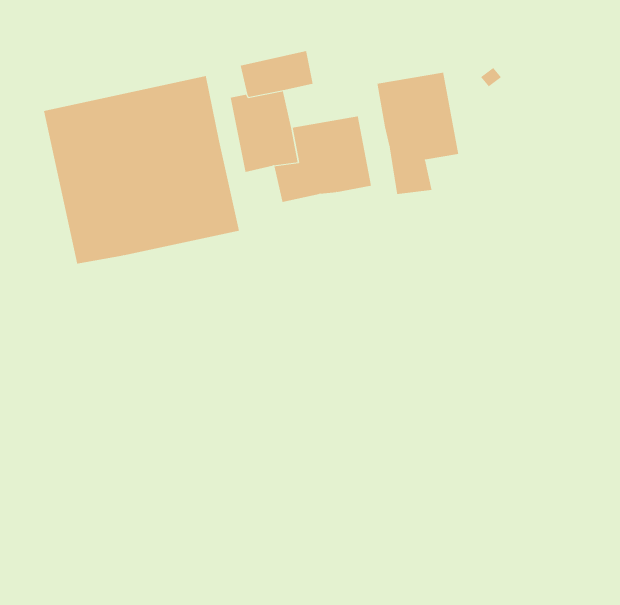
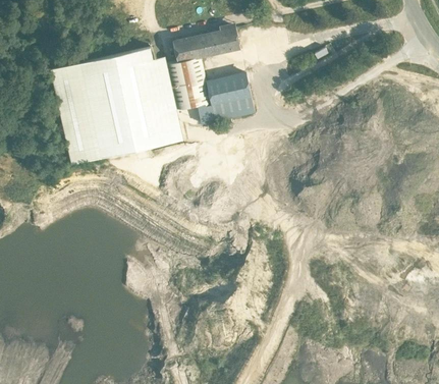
building: none -> [219,26,245,52]
building: [377,72,459,195] -> none

